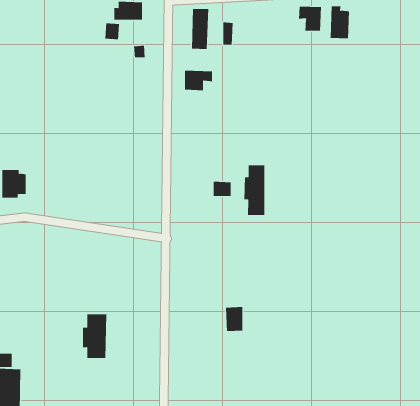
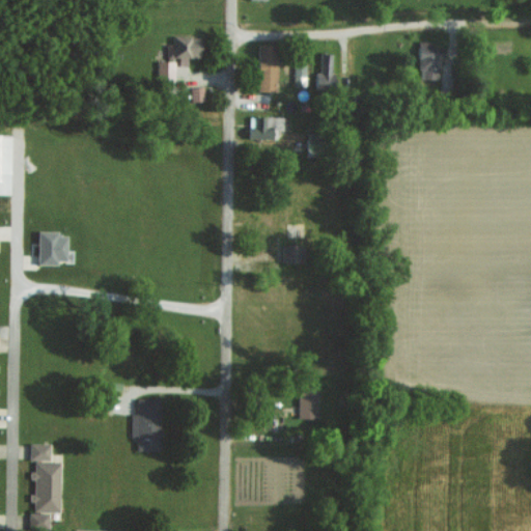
building: [298,6,322,31] -> none
building: none -> [316,54,335,91]
building: [244,164,265,216] -> none

